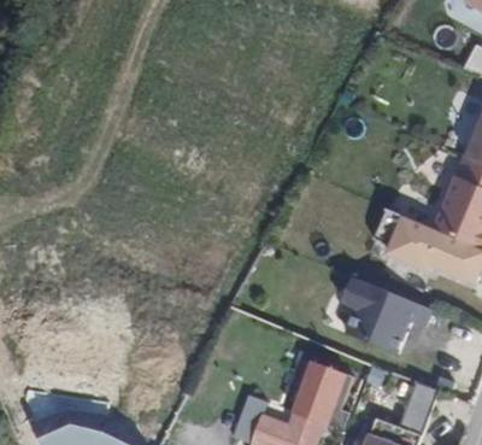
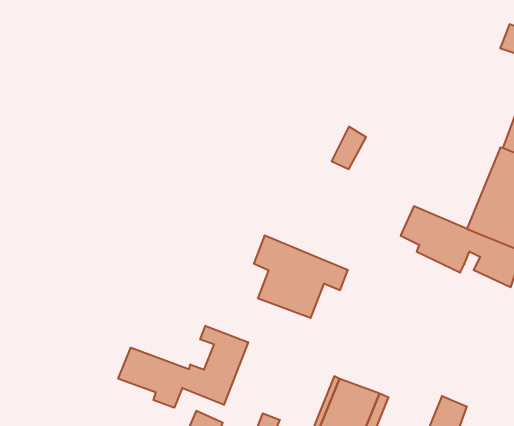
building: [348,279,434,353] -> [254,236,348,318]
building: none -> [118,326,248,408]

